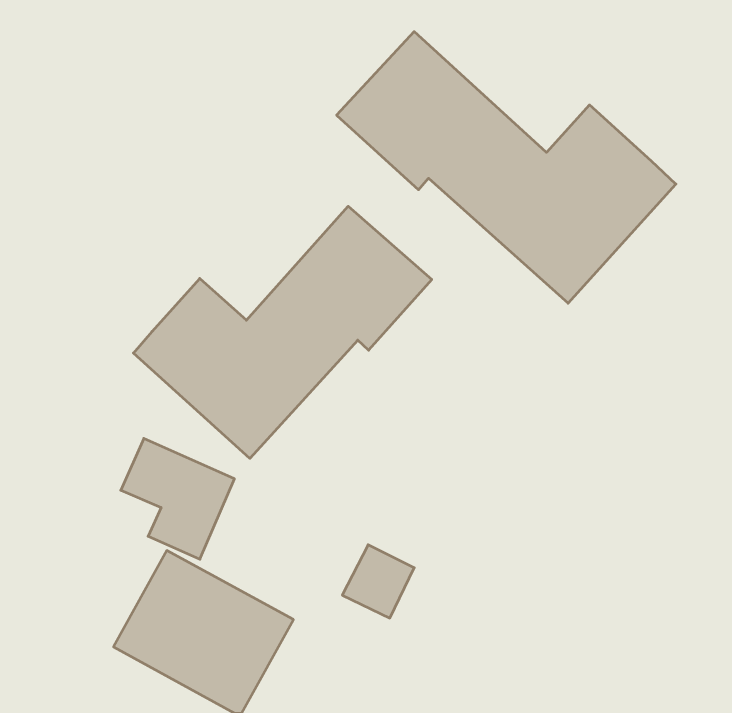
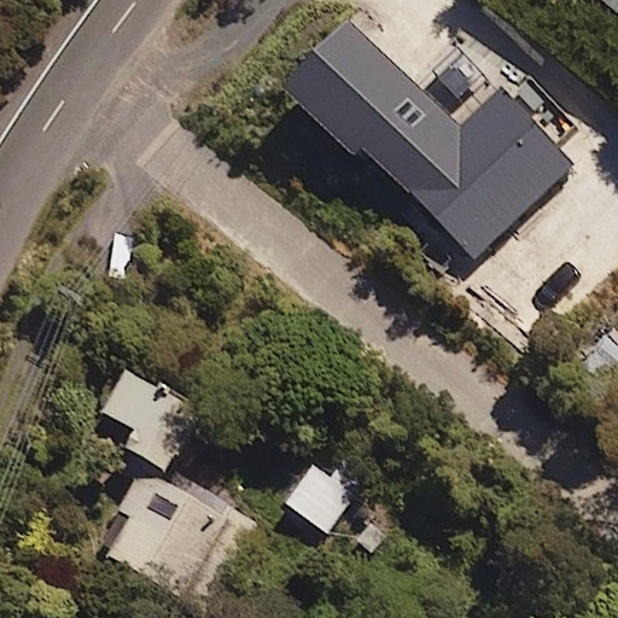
building: [133,206,432,458] -> none

